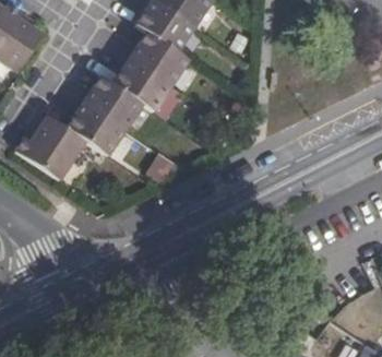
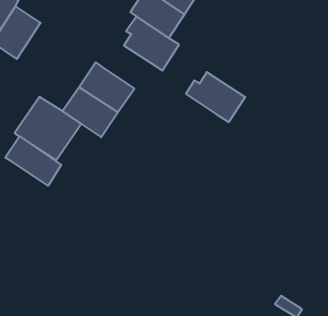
building: [110,60,172,112] -> [186,72,245,122]
building: none -> [5,136,61,186]

